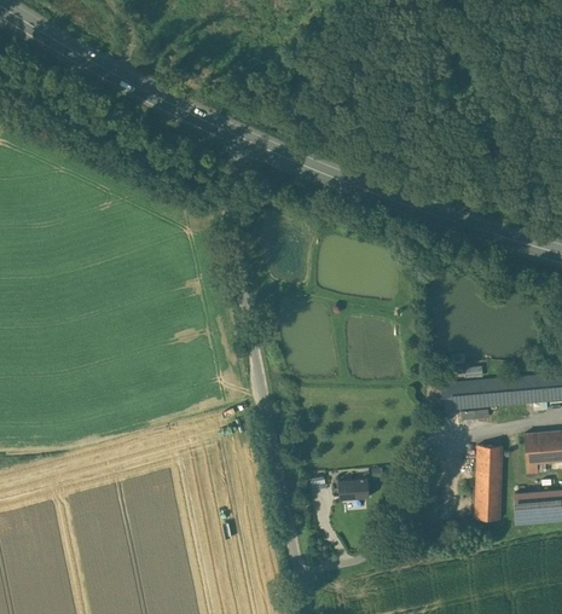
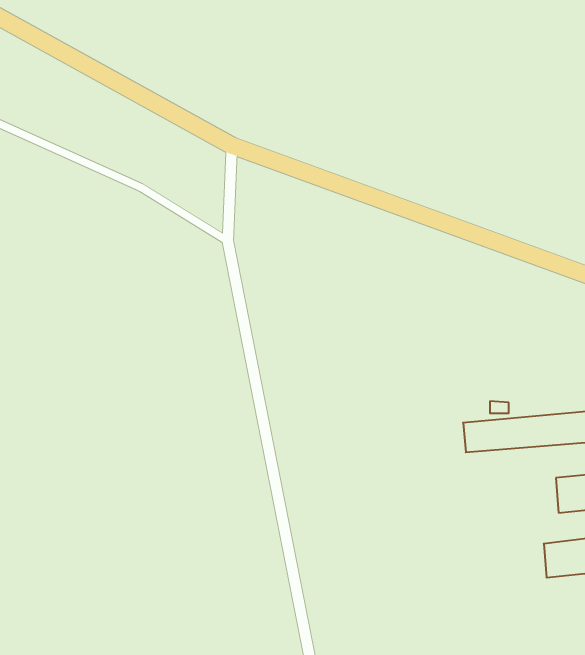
building: [474,446,503,520] -> none
building: [340,475,371,497] -> none

